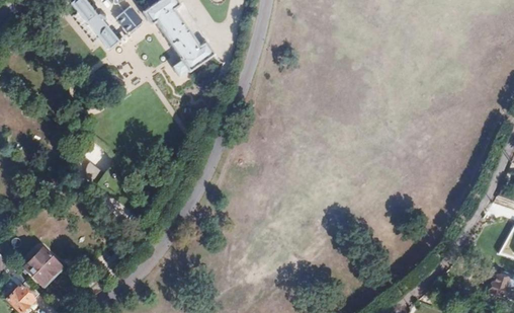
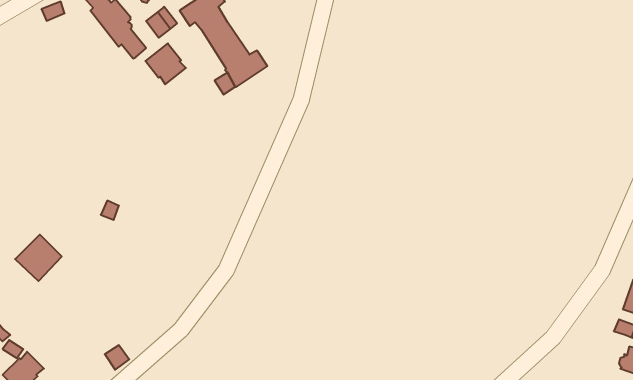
building: none -> [145,43,186,84]
building: [23,247,60,284] -> [15,235,62,281]

